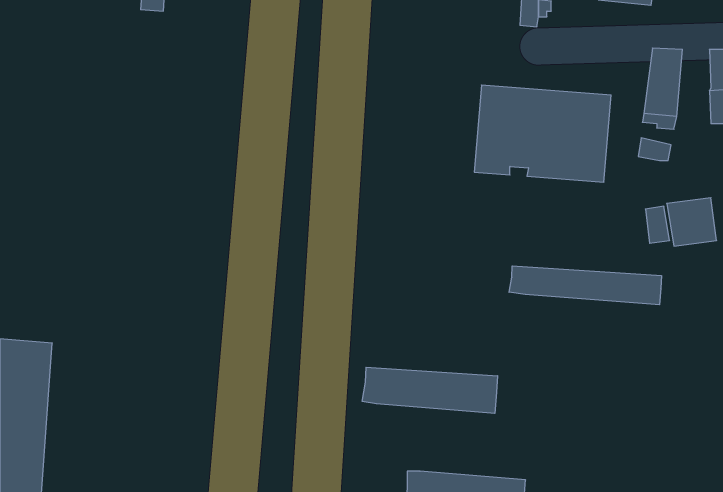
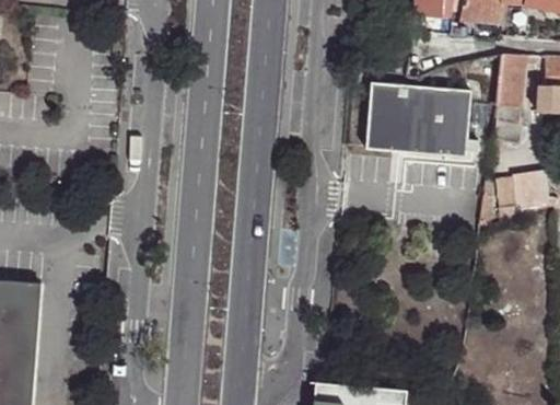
building: [509,266,661,305] -> none
building: [362,367,498,413] -> none

